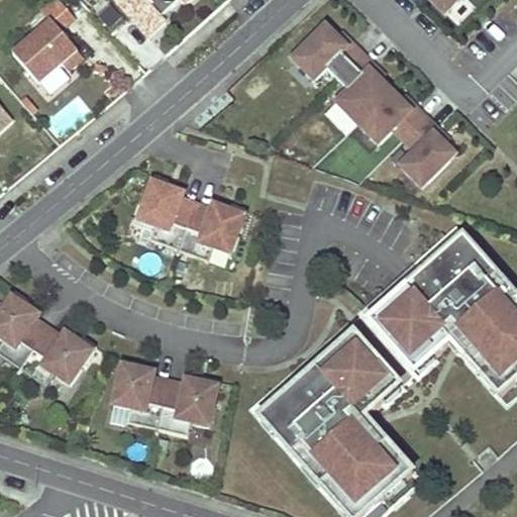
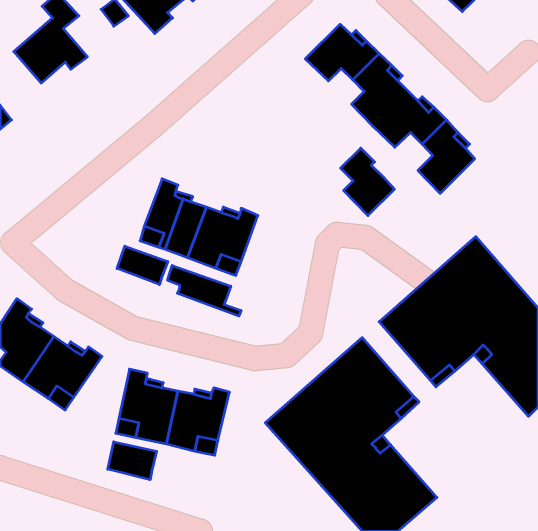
building: none -> [341,148,394,216]
building: none -> [117,246,168,285]
building: none -> [168,265,241,316]
building: none -> [108,442,157,480]

